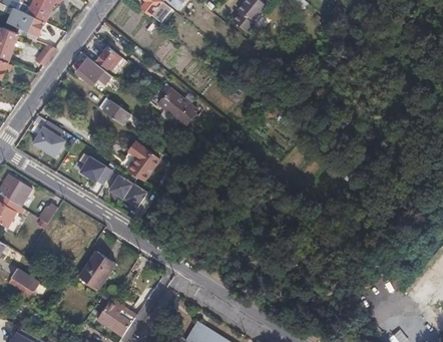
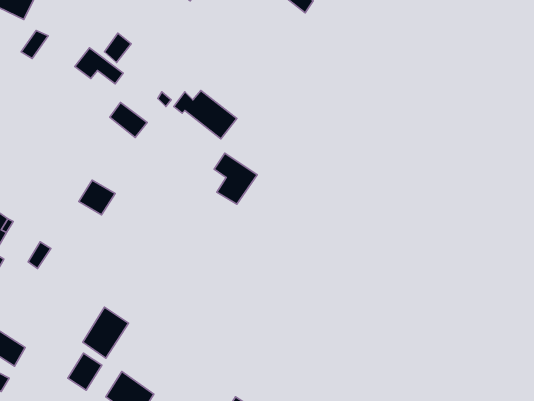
building: [32,126,64,157] -> none
building: [122,141,154,180] -> [214,153,257,204]
building: [108,176,146,208] -> none
building: none -> [68,353,102,390]

